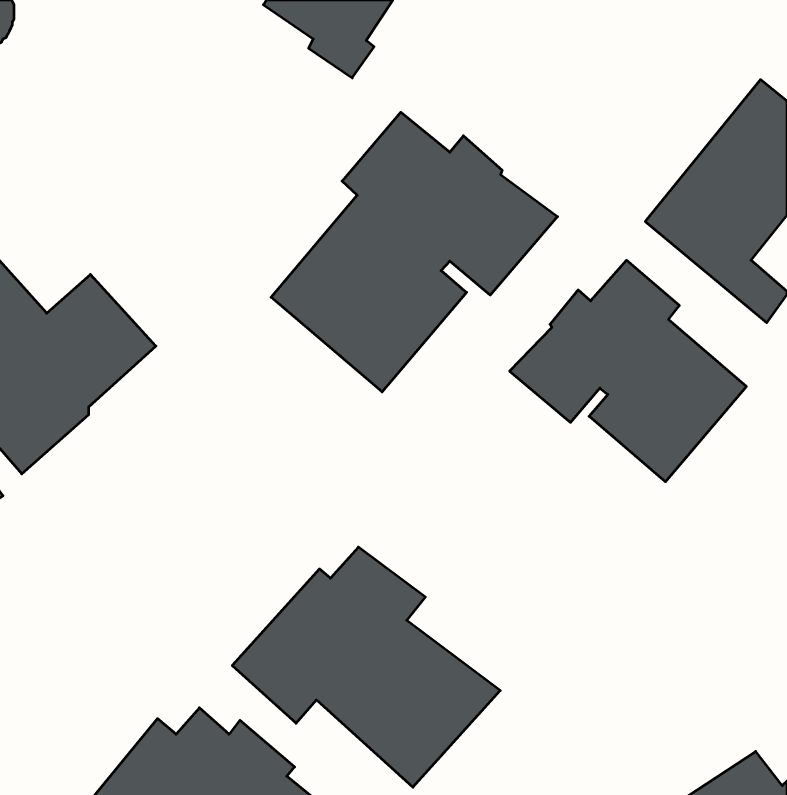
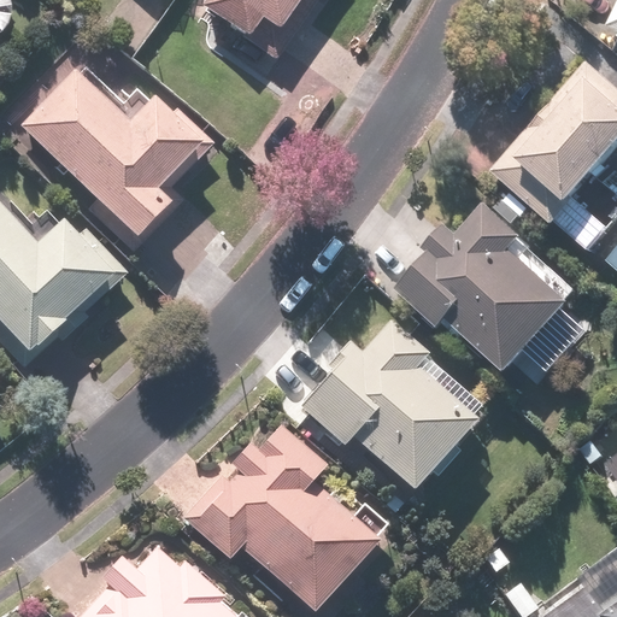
building: none -> [17,67,206,254]
building: [271,112,558,392] -> none
building: none -> [299,318,493,489]

